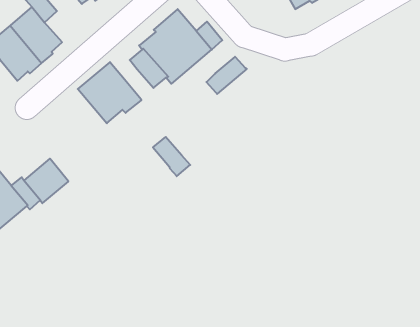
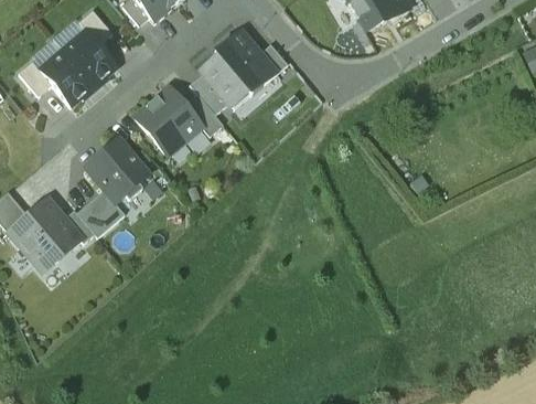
building: [206,57,247,94] -> none
building: none -> [85,138,149,202]
building: [153,137,190,176] -> [183,94,223,136]

